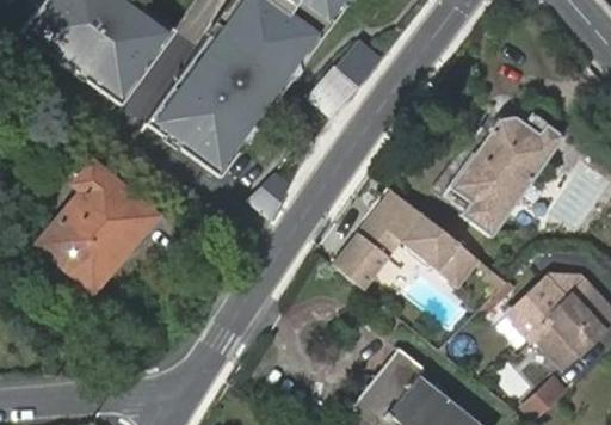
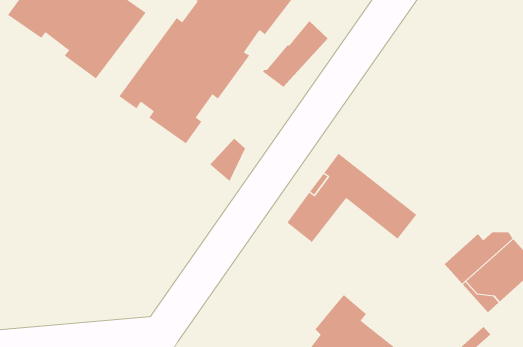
building: [433,98,566,236] -> none
building: [38,161,155,292] -> none

